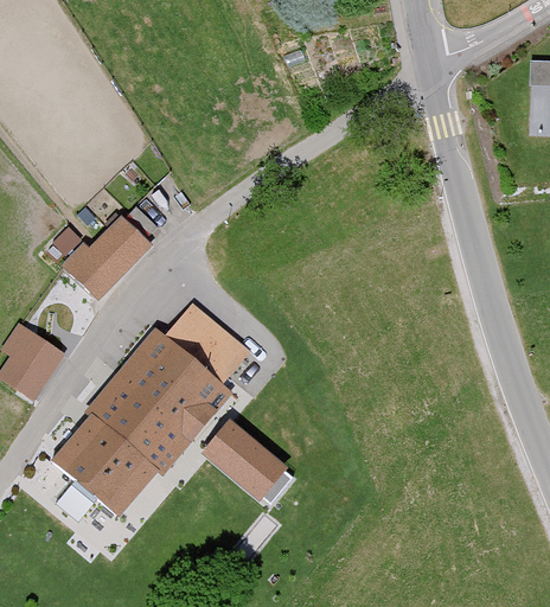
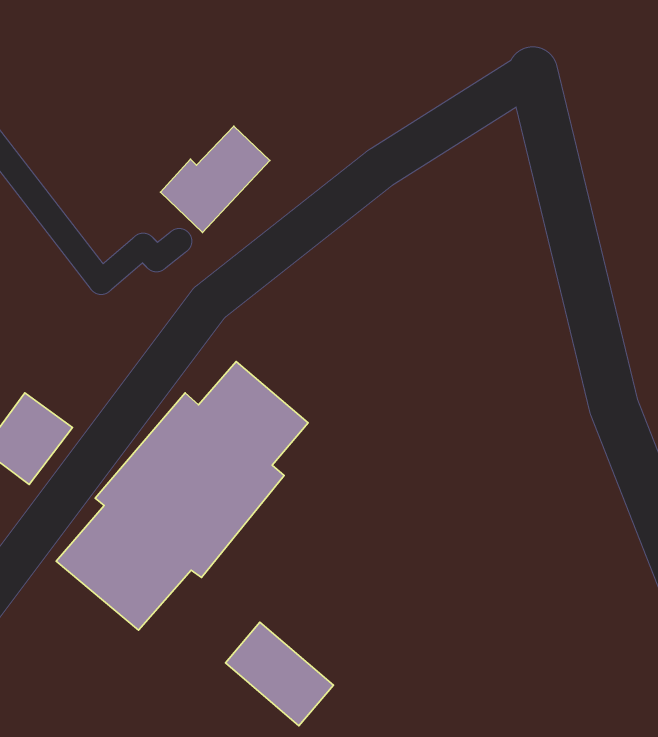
building: [64,217,151,301] -> [160,126,270,233]
building: [203,418,288,500] -> [225,622,333,726]

